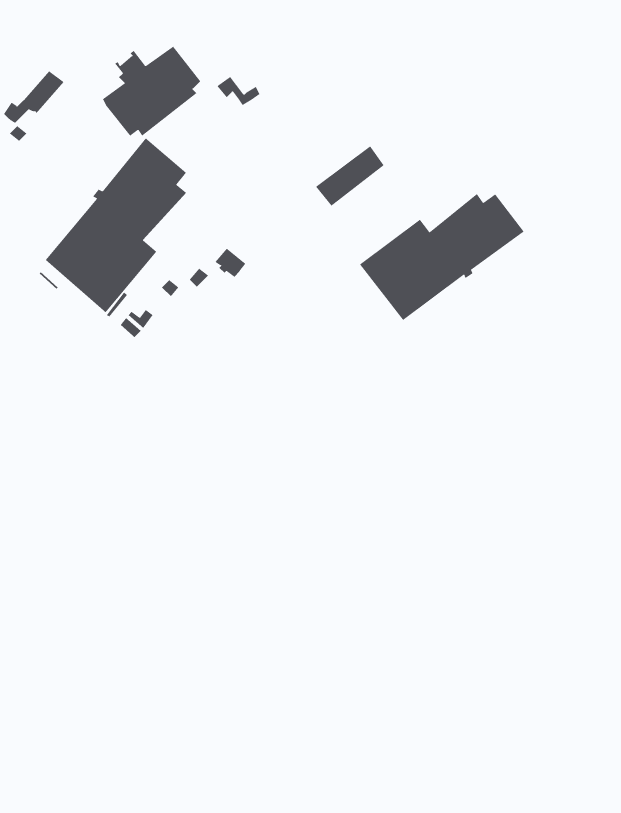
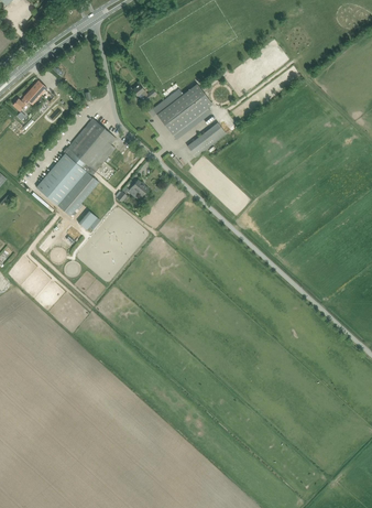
building: [102,46,201,137] -> [156,84,211,134]
building: [359,193,525,321] -> none

